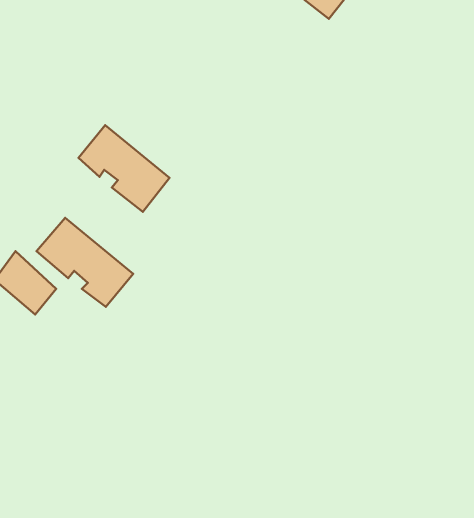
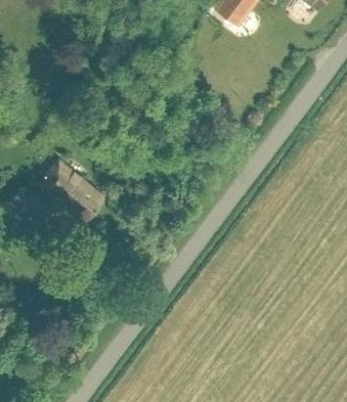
building: [78,125,169,212] -> none

